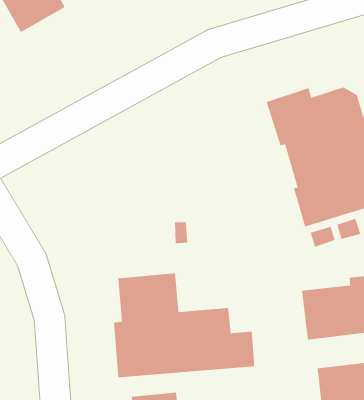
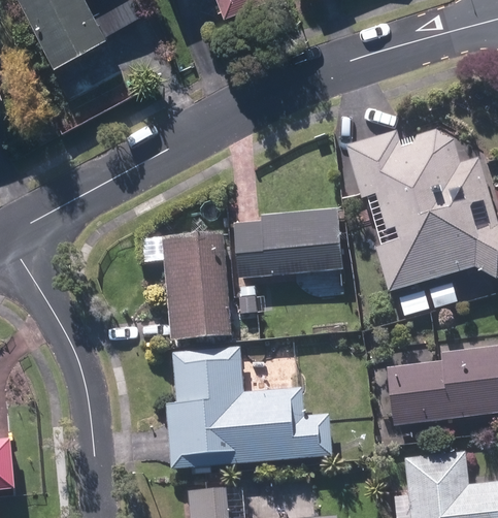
building: none -> [233,211,342,279]
building: none -> [140,231,230,341]

